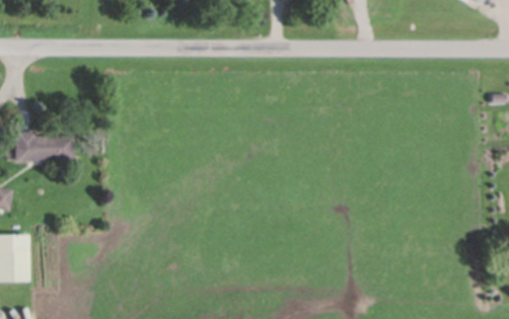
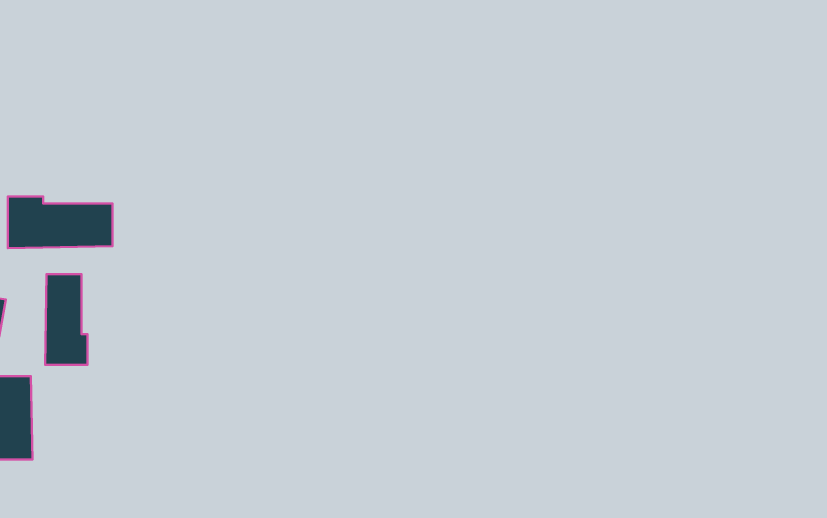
building: none -> [45,274,87,365]

